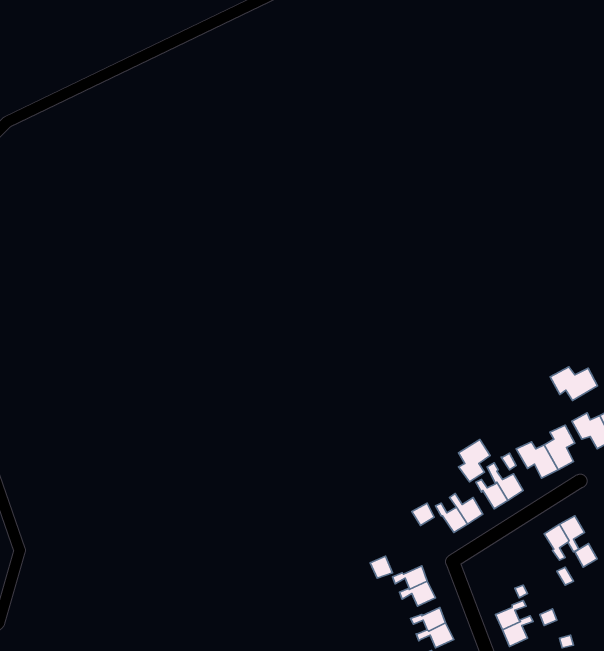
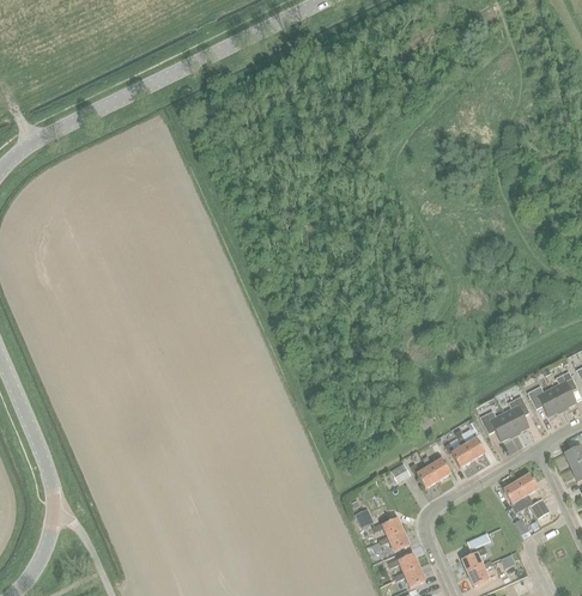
building: [550,367,597,400] -> none
building: [458,439,490,482] -> none

